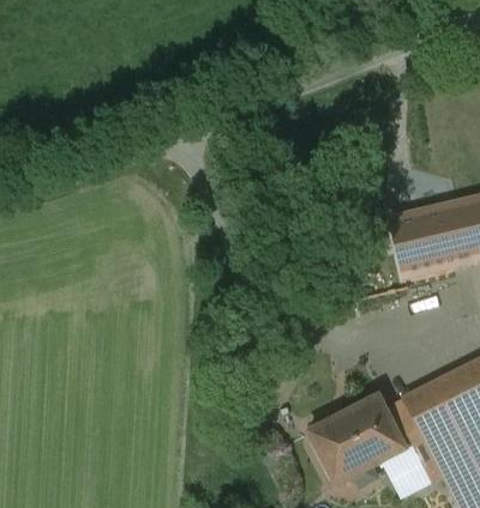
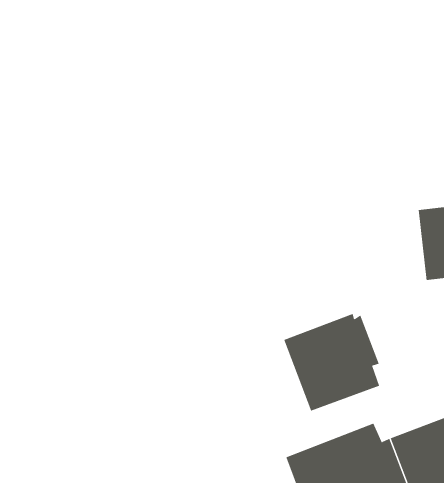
building: none -> [283,313,380,411]

